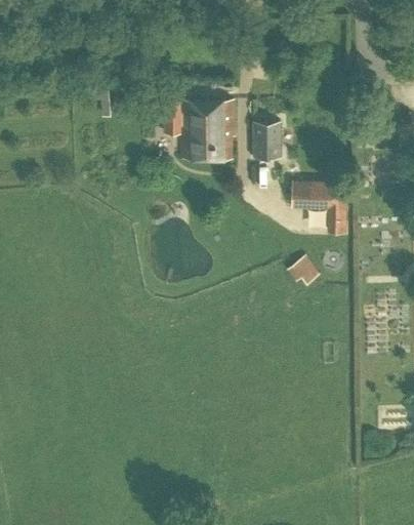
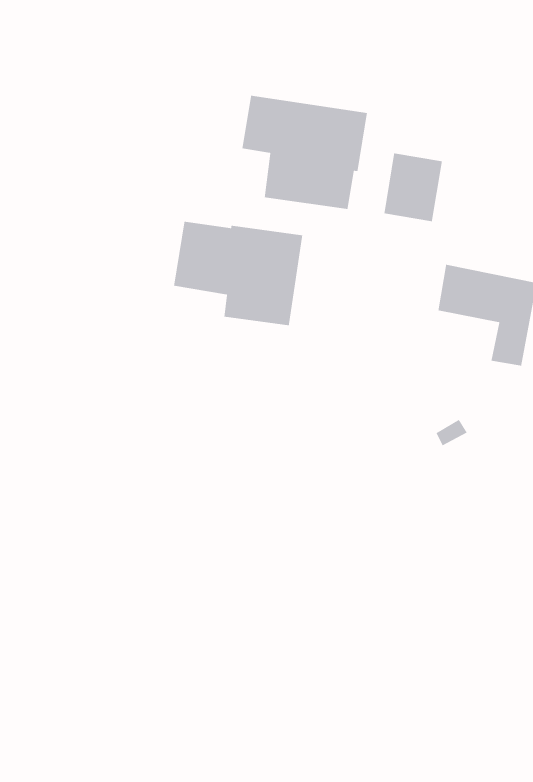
building: none -> [173,221,303,326]

